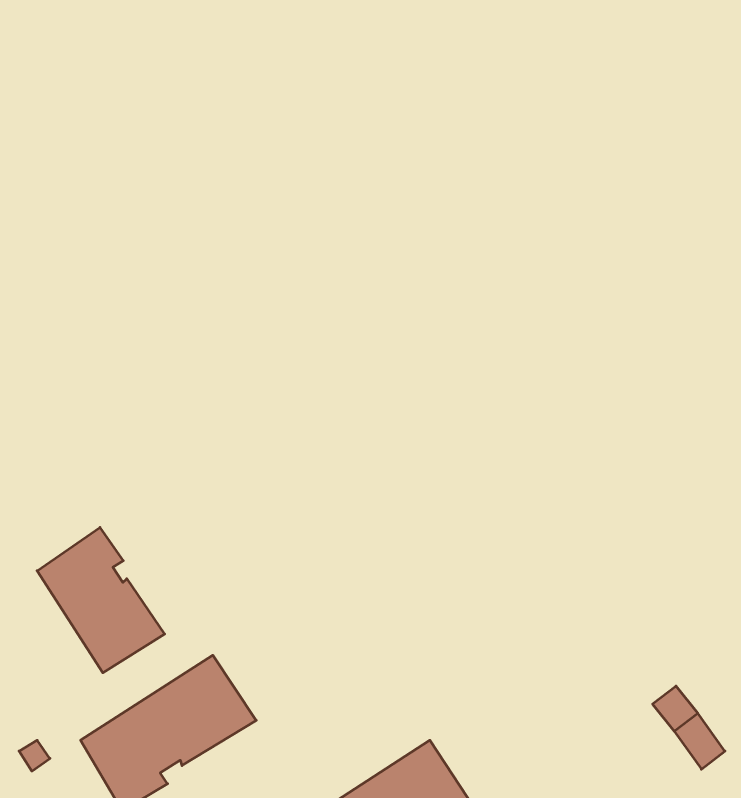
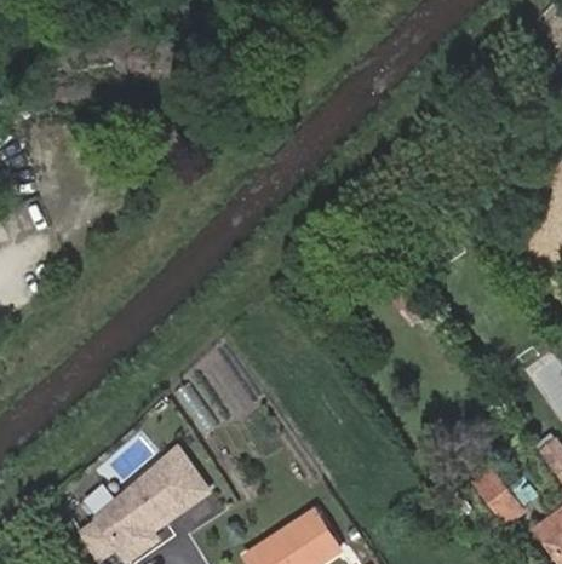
building: [37,527,165,673] -> none

